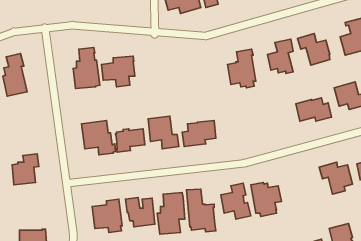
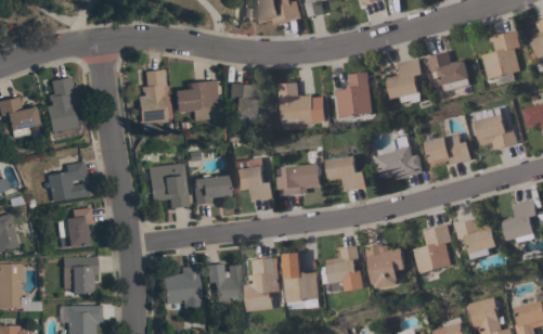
building: none -> [279,82,326,125]
building: none -> [227,84,262,125]
building: none -> [376,136,424,179]
building: none -> [326,155,365,191]
building: none -> [46,162,86,202]
building: none -> [413,224,453,273]
building: none -> [62,257,95,294]

